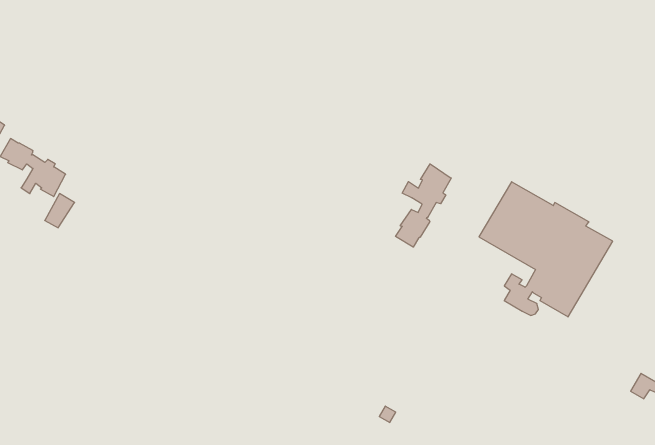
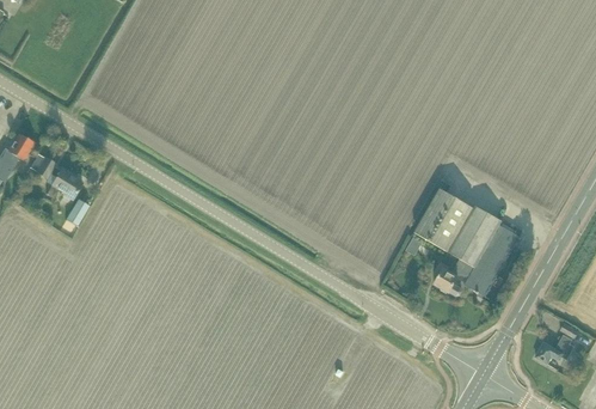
building: [396,164,451,247] -> none

